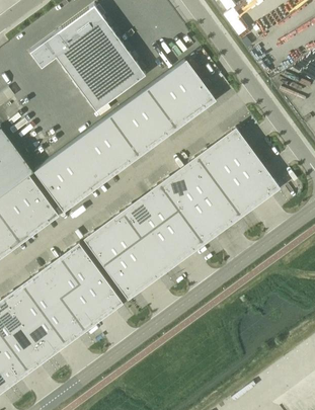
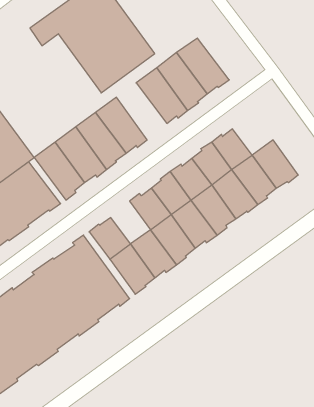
building: [110,103,157,156] -> none
building: [218,130,255,170] -> none
building: [105,213,142,252] -> none

